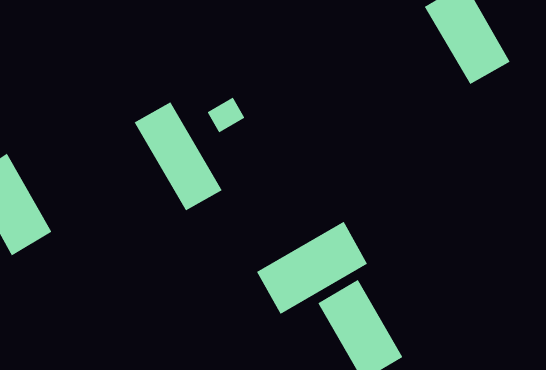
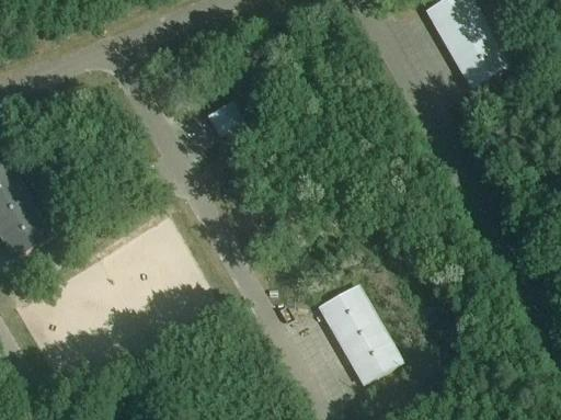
building: [134,101,223,211] -> none
building: [256,221,368,315] -> none

